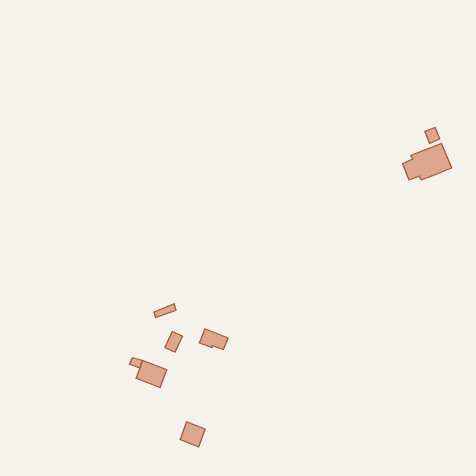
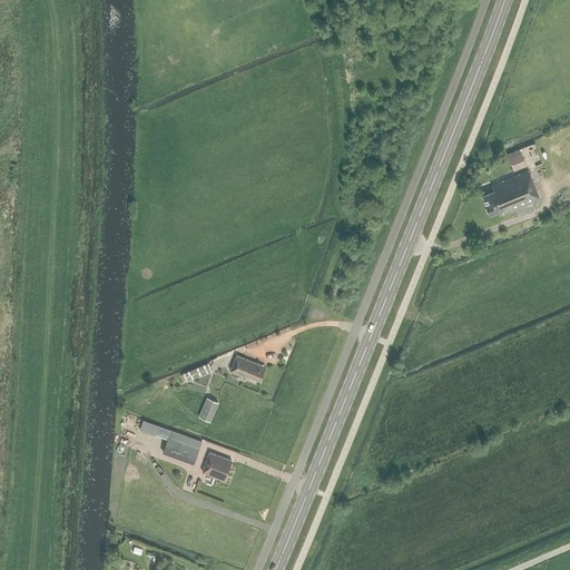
building: [199,329,228,349] -> [230,356,265,381]
building: [180,422,205,447] -> [200,452,230,482]

